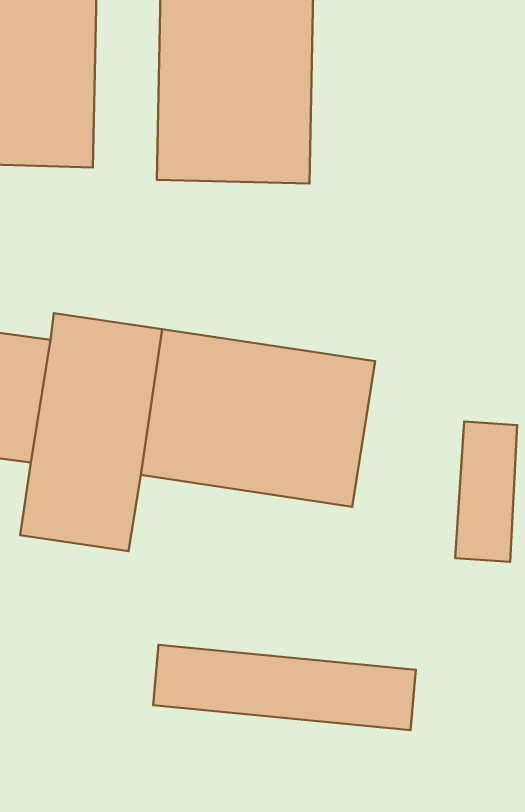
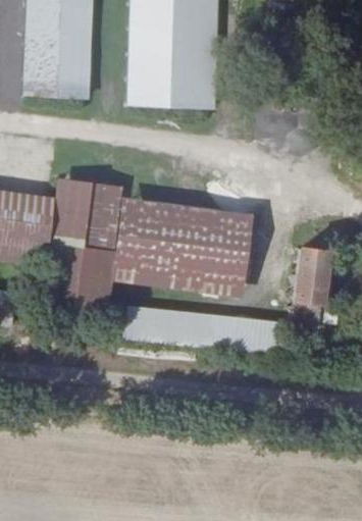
building: [153,645,416,730] -> [121,306,272,355]

